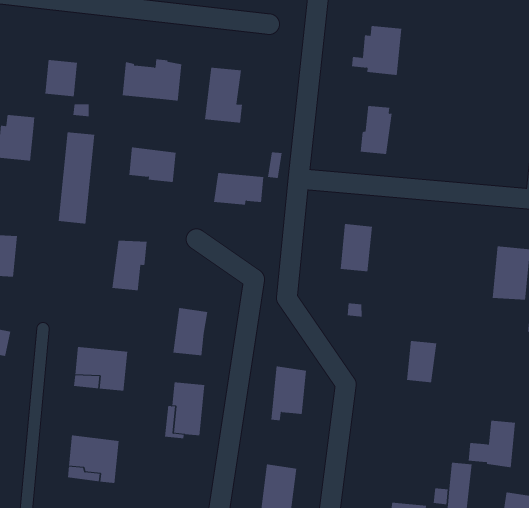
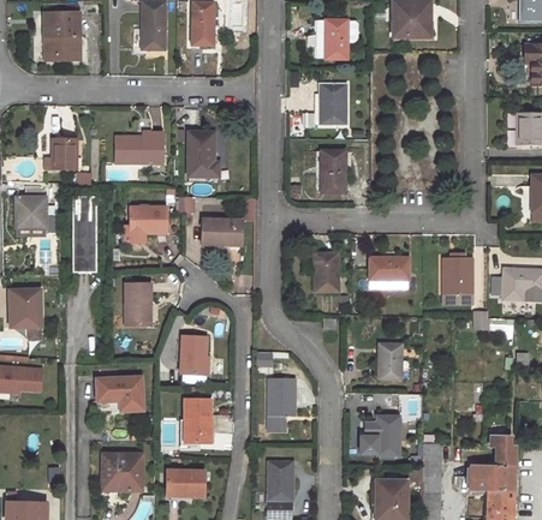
building: none -> [370,258,409,279]
building: [468,420,516,468] -> [362,417,399,455]
building: none -> [167,471,206,492]

